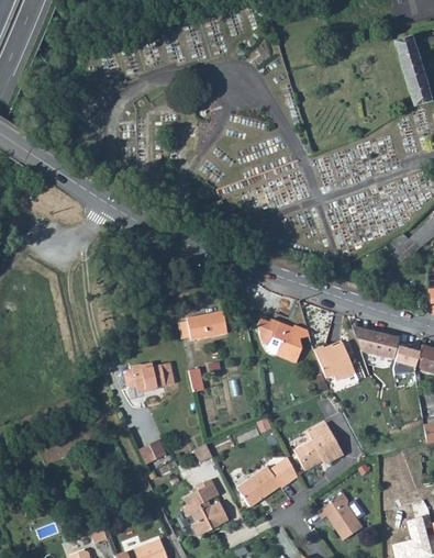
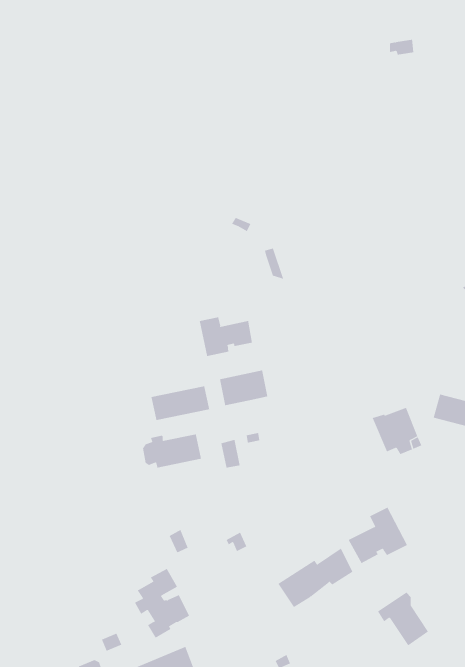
building: none -> [199,316,252,357]
building: [258,314,310,361] -> none
building: none -> [151,386,210,421]
building: [181,482,227,540] -> [134,568,190,638]

